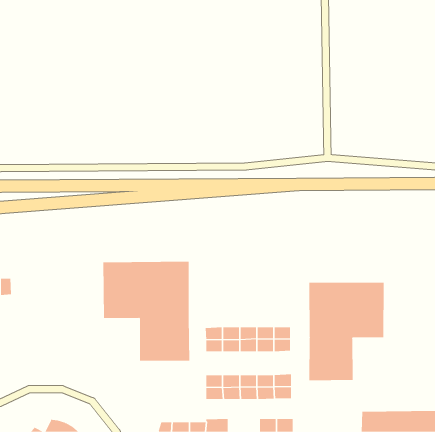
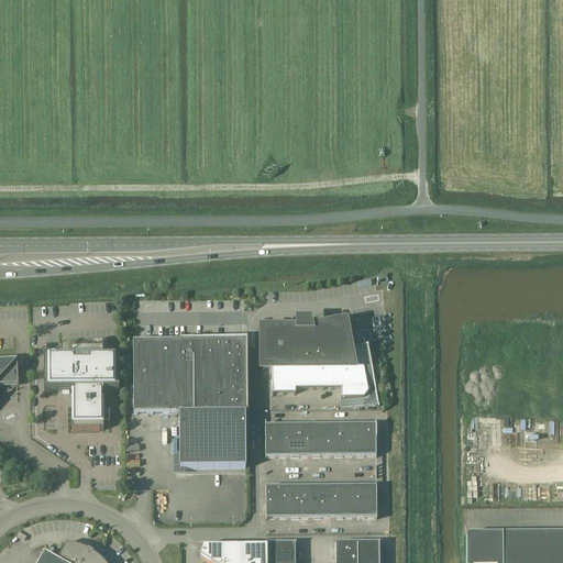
building: none -> [263,324,379,401]
building: none -> [46,339,118,427]
building: [309,282,384,381] -> none

